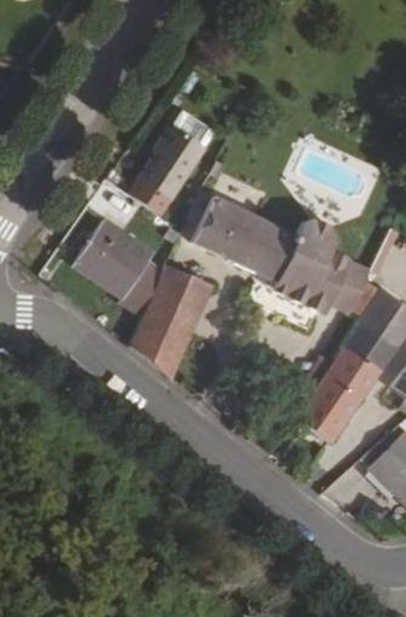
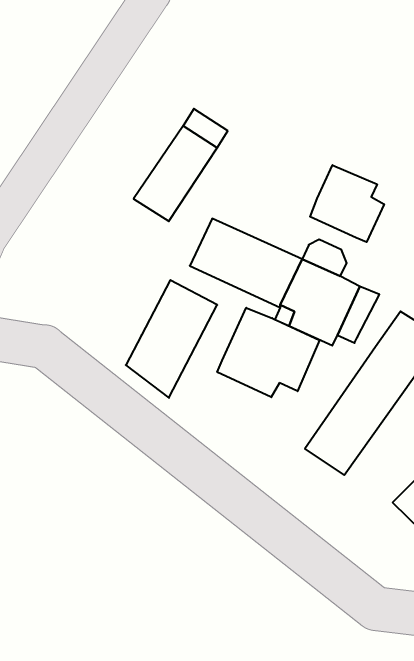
building: none -> [310,165,384,242]
building: [76,221,166,310] -> none
building: none -> [217,308,319,397]

